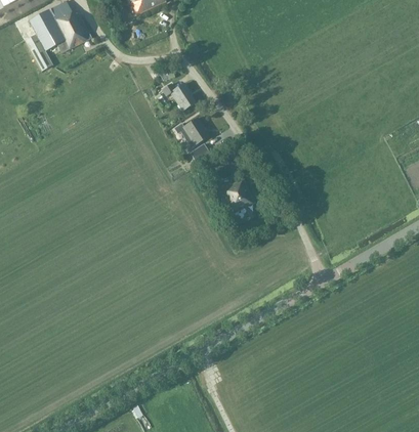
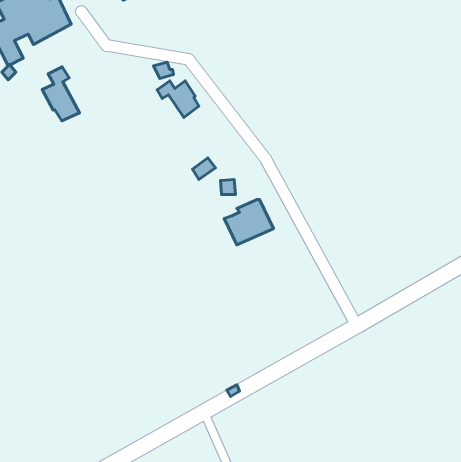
building: none -> [42,67,79,121]
building: [175,118,209,147] -> none

